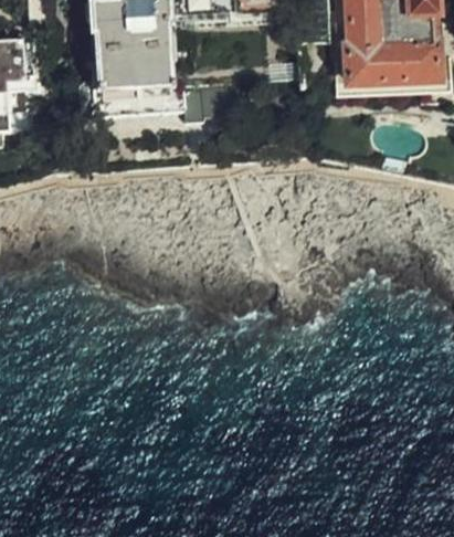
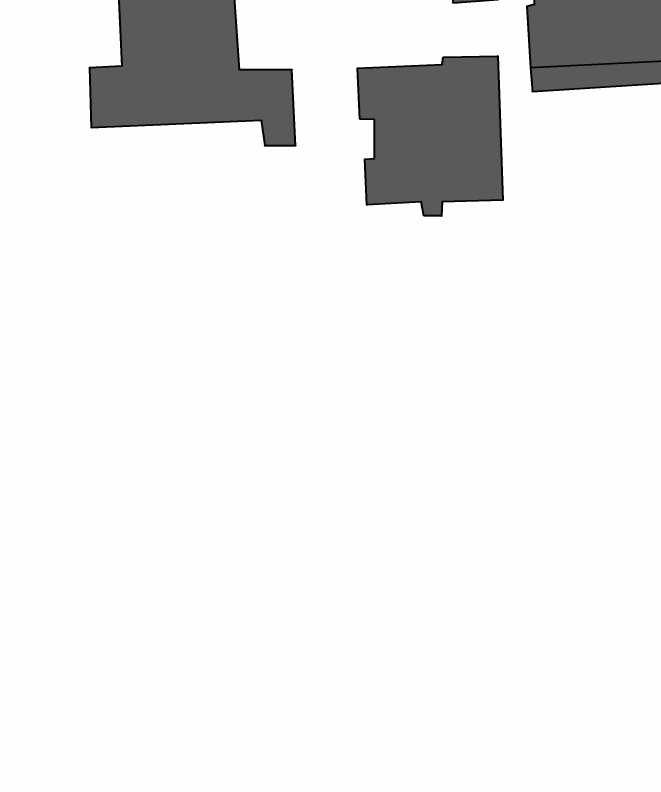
building: none -> [357,56,503,216]

